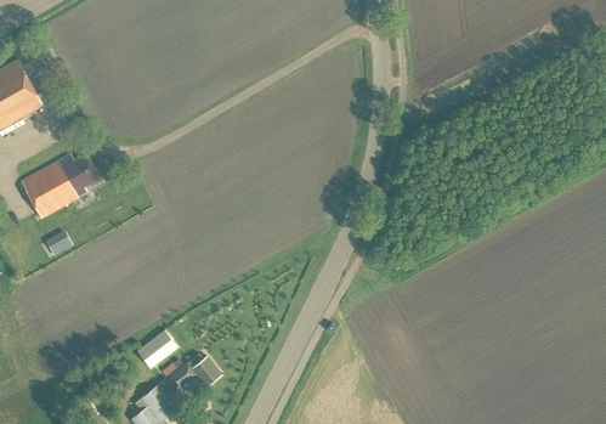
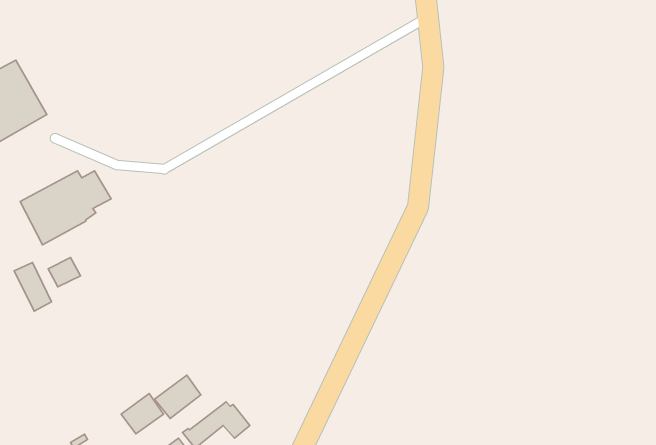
building: none -> [14,263,52,311]
building: none -> [121,393,164,434]

